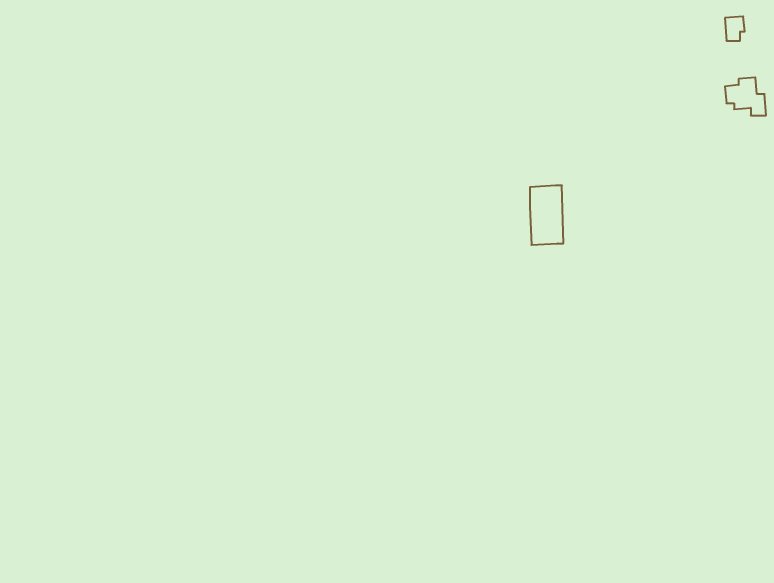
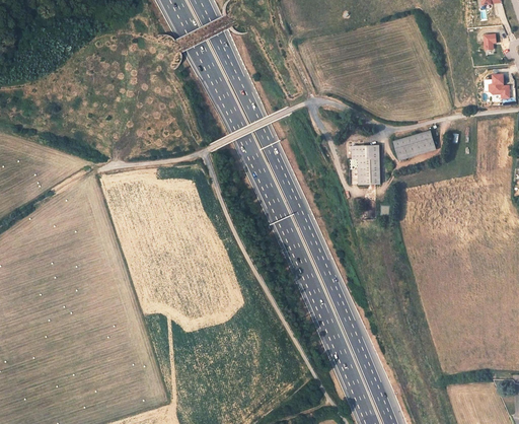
building: none -> [394,128,436,155]

